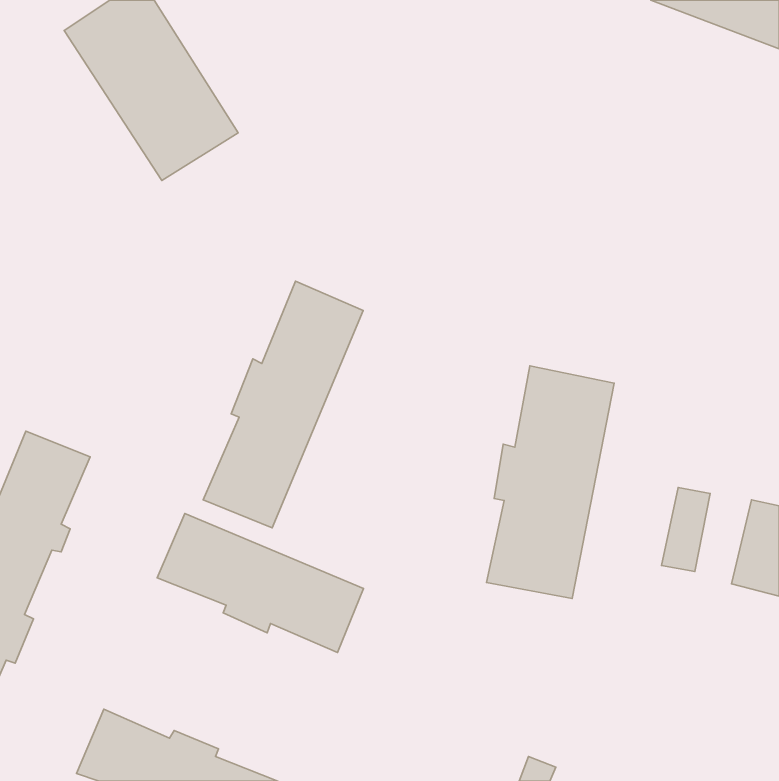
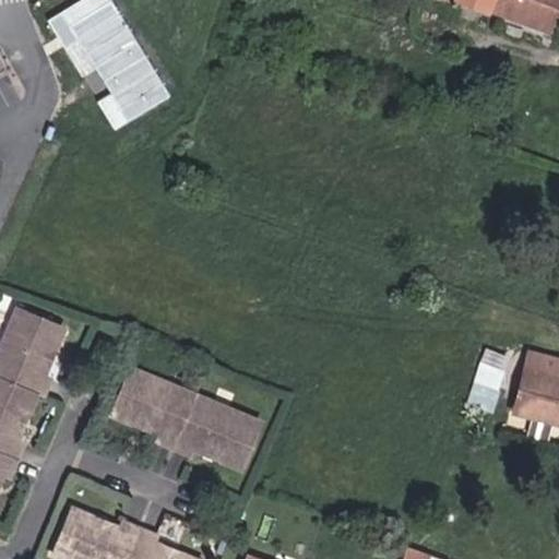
building: [203,281,363,528] -> none
building: [487,366,614,599] -> none

